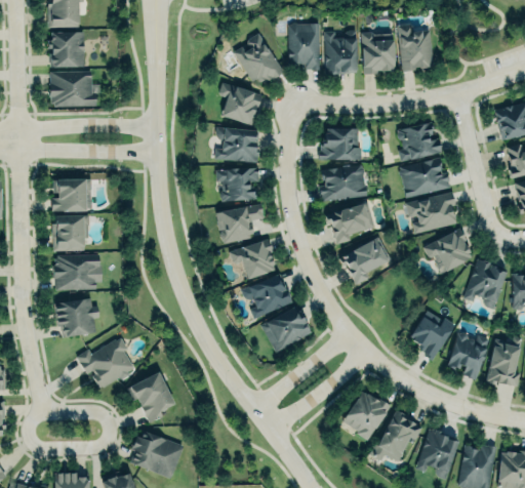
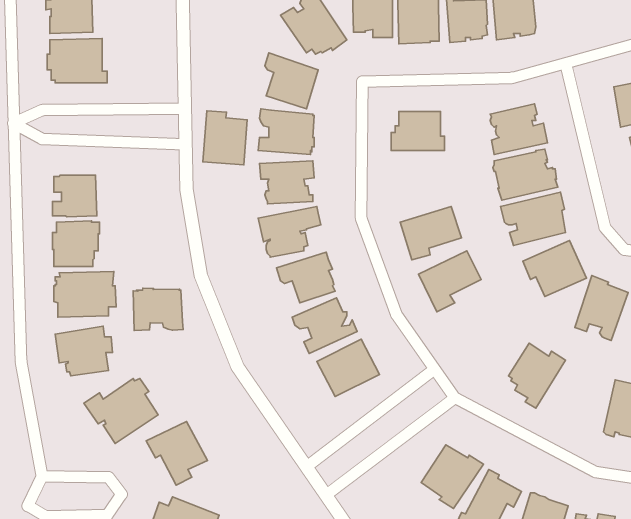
building: none -> [203,111,247,165]
building: [320,165,367,201] -> none
building: none -> [133,288,183,330]
building: [448,333,490,379] -> none

